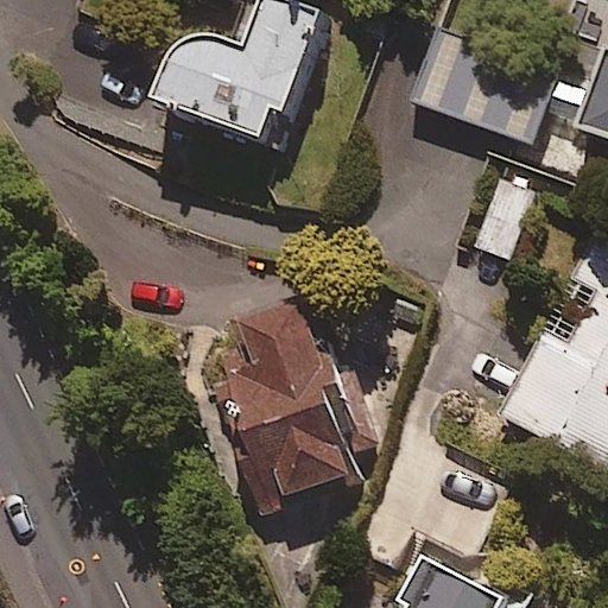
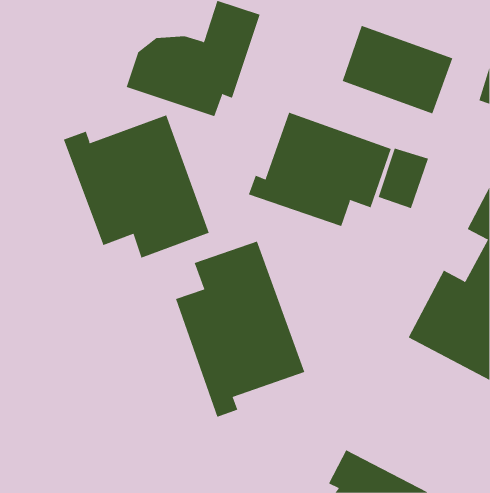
building: none -> [248,112,392,227]
building: none -> [63,114,209,258]

